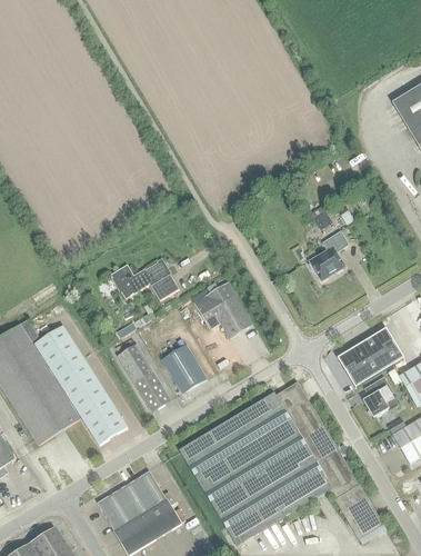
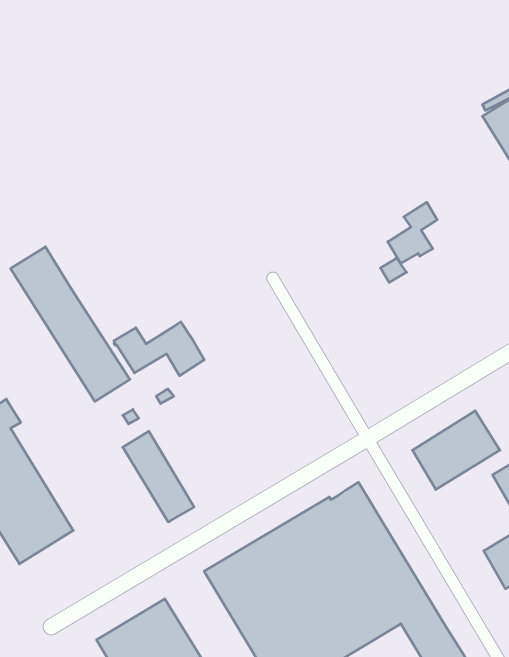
building: [310,230,348,277] -> [388,202,437,264]
building: [193,281,252,337] -> none
building: [34,326,126,444] -> [11,247,130,401]
building: [161,344,207,393] -> none
building: [362,384,398,417] -> none

